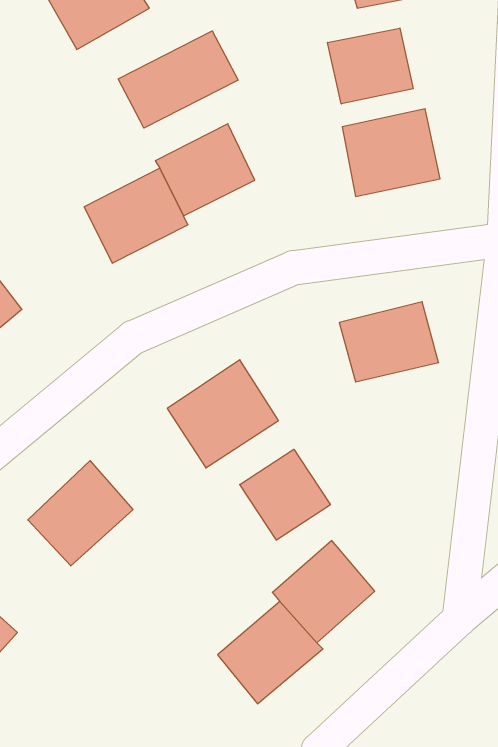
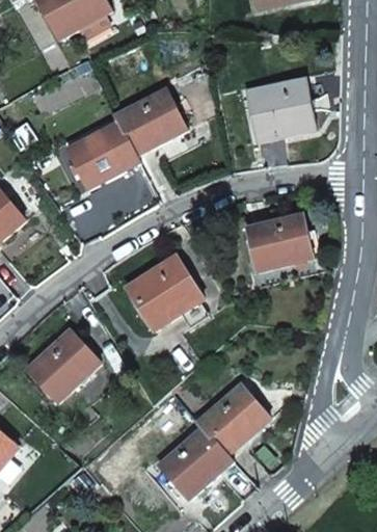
building: [327,28,413,104] -> none
building: [118,31,238,128] -> none
building: [240,449,330,540] -> none

